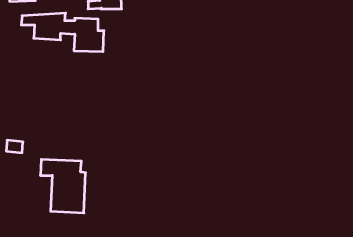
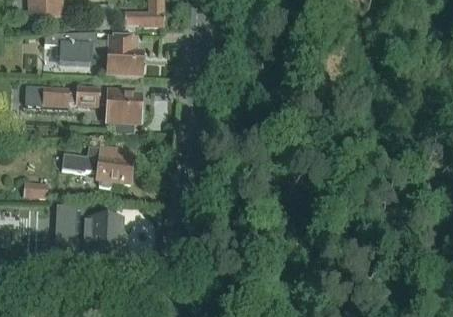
building: none -> [42,90,142,129]
building: none -> [64,148,129,183]

